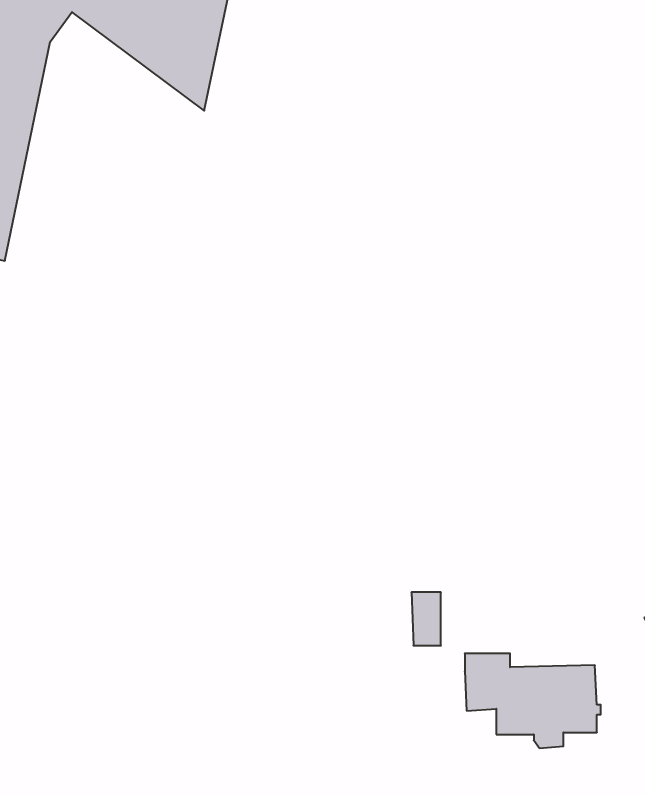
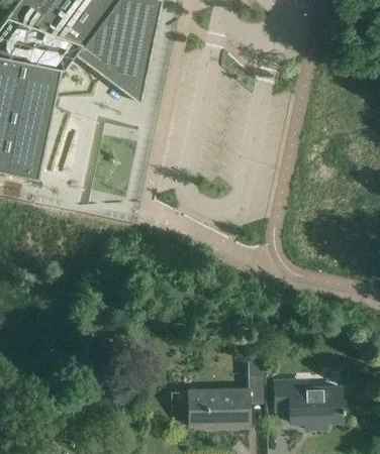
building: none -> [188,388,249,426]

